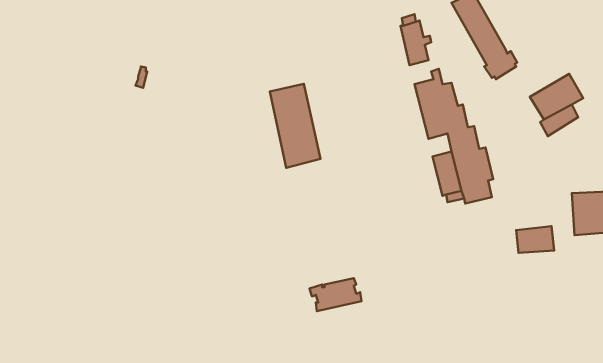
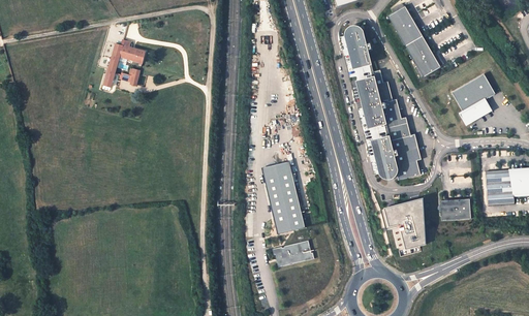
building: none -> [104,39,146,87]
building: [270,84,320,168] -> [263,166,305,234]
building: none -> [387,199,426,250]

